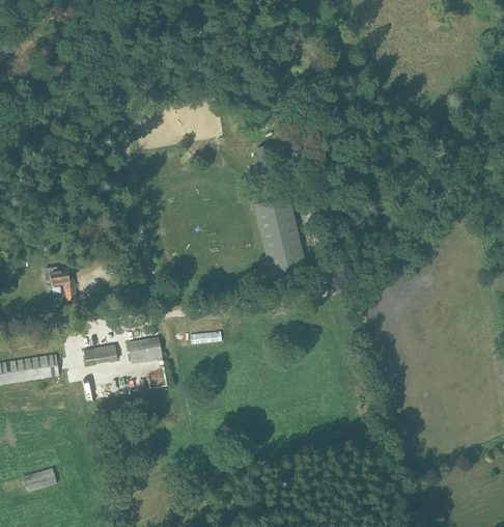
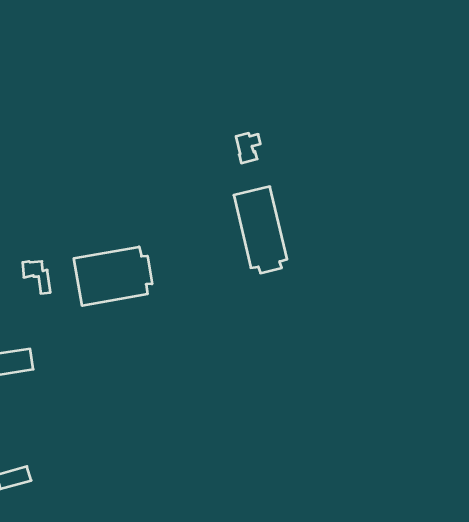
building: none -> [74,247,152,306]
building: [127,337,161,361] -> none
building: [83,344,116,364] -> none

